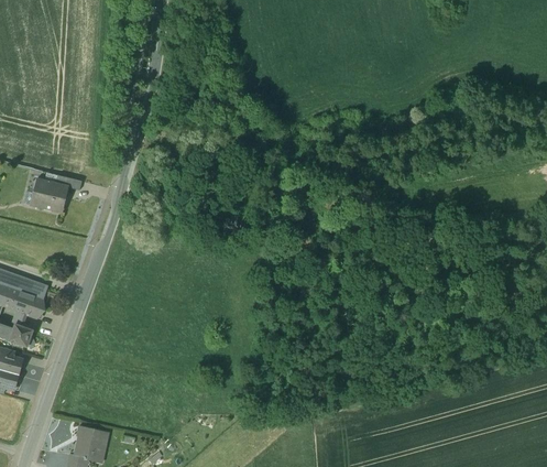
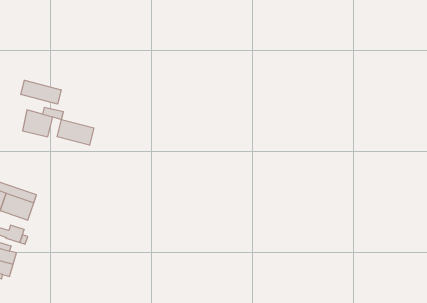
building: none -> [21,80,61,104]
building: none -> [57,119,94,145]

